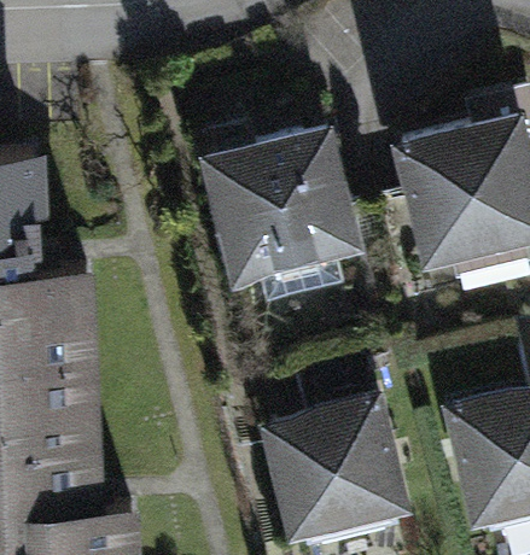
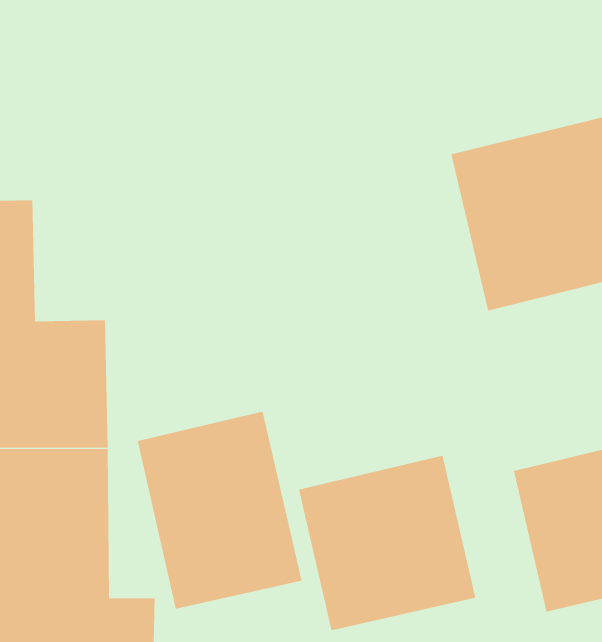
building: [199,121,365,286] -> none
building: none -> [137,411,302,609]

